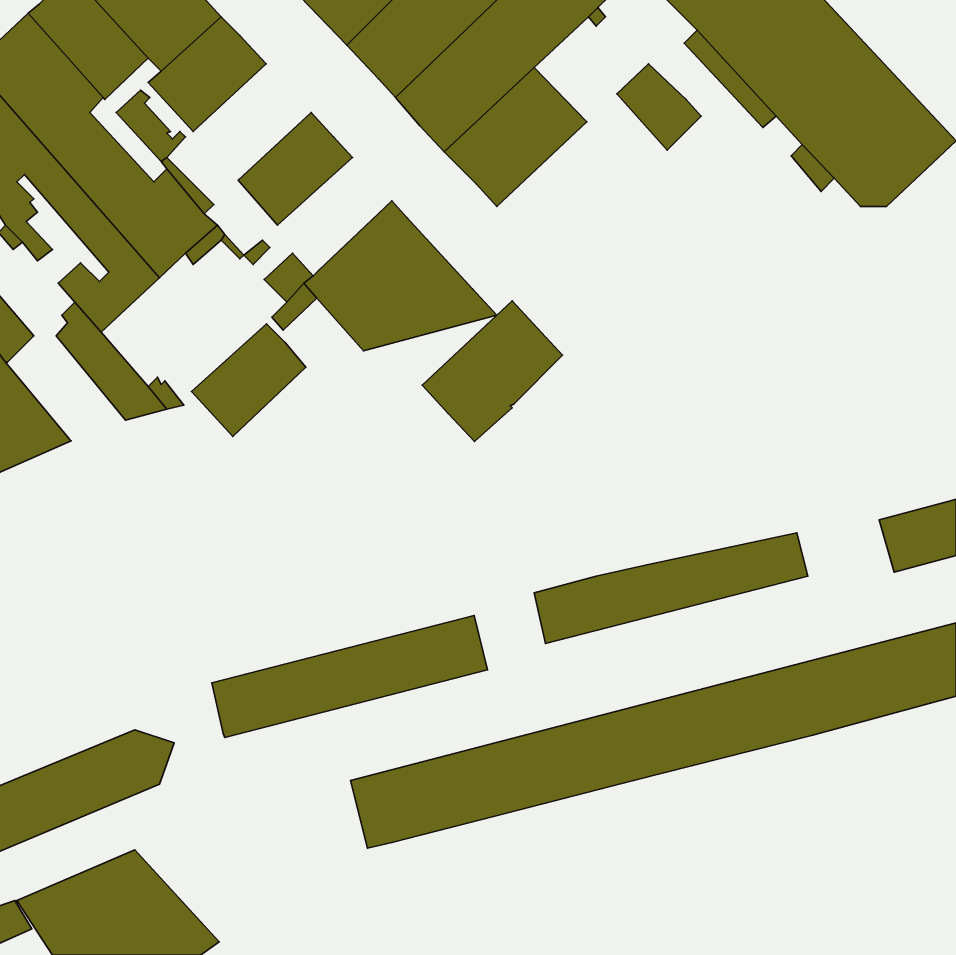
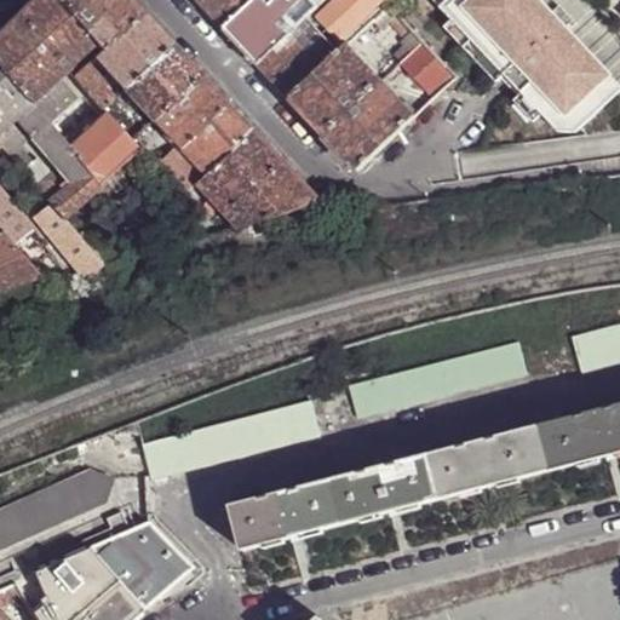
building: none -> [125,41,201,116]
building: [422,301,563,442] -> [321,79,412,170]
building: [192,324,306,436] -> [179,102,253,174]
building: none -> [87,519,191,608]

